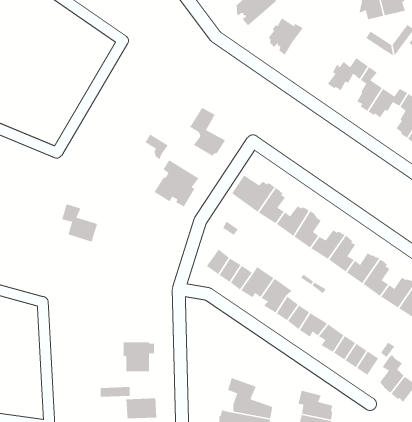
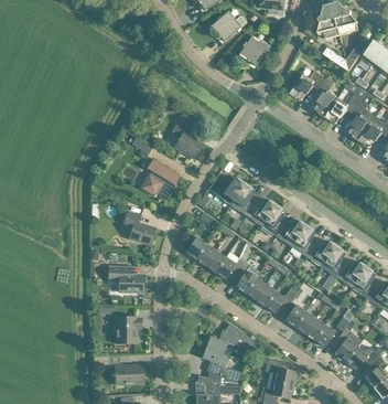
building: [61,203,98,248] -> [123,210,155,248]
building: none -> [109,265,142,291]
building: none -> [204,321,257,354]

